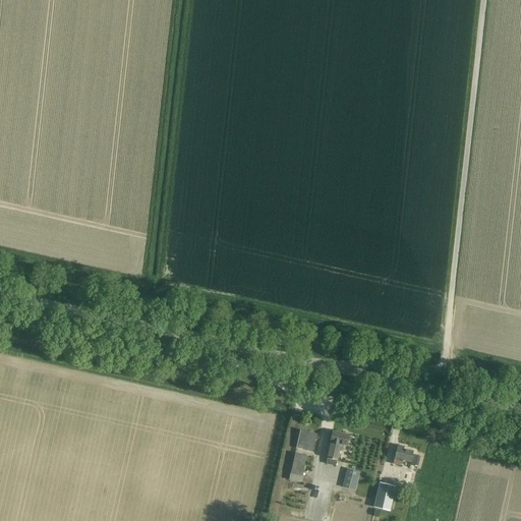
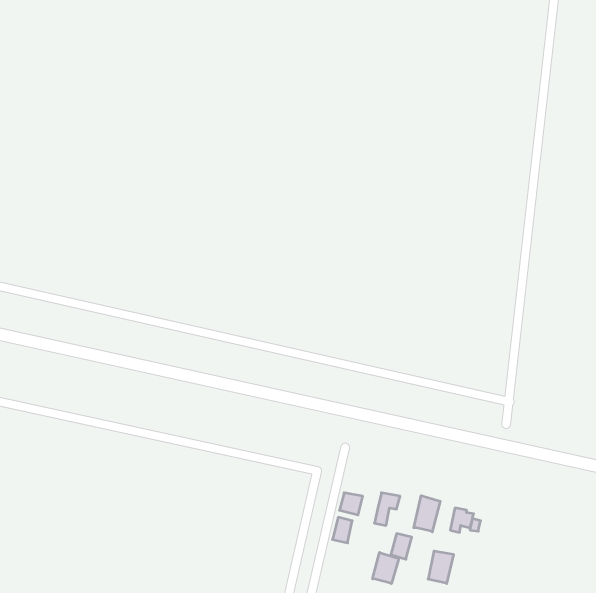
building: none -> [414,496,440,532]
building: none -> [373,552,399,584]

